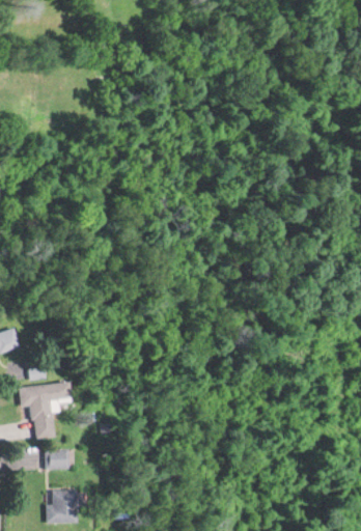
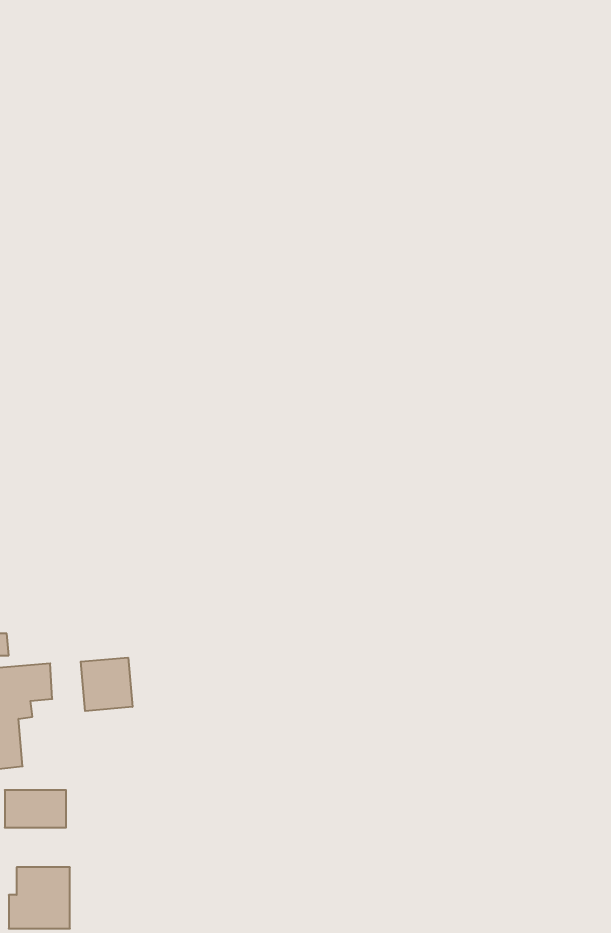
building: none -> [81,658,132,711]

